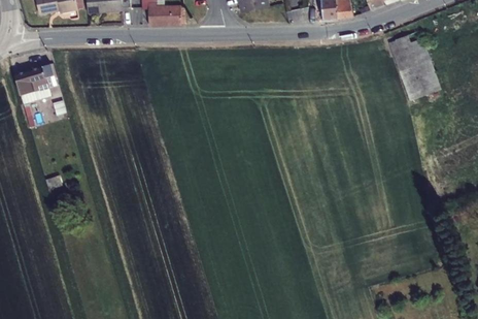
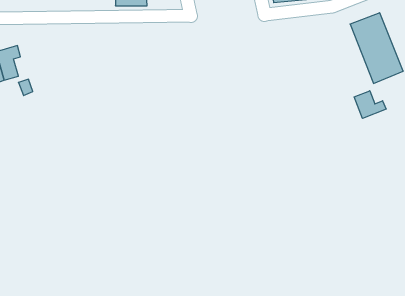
building: none -> [354,91,386,118]

